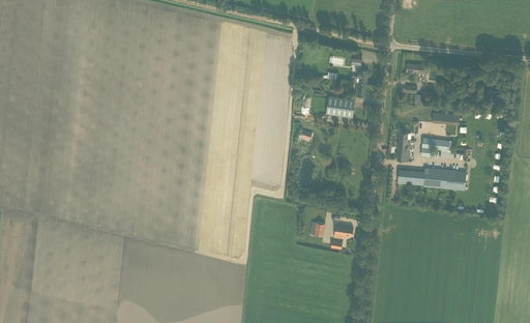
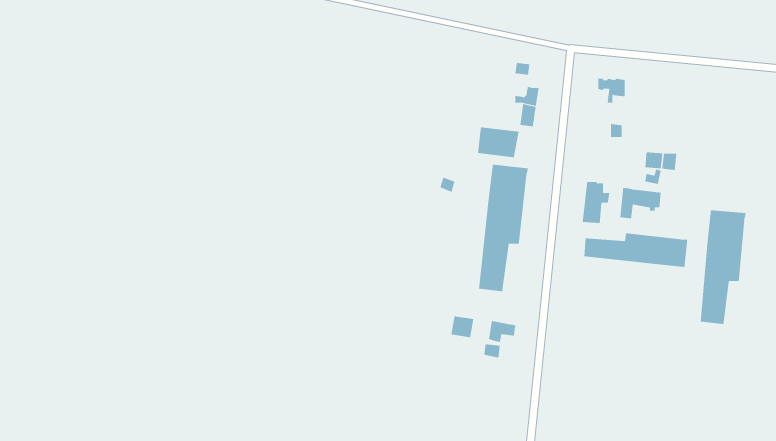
building: none -> [478,164,529,292]
building: none -> [700,209,746,325]

